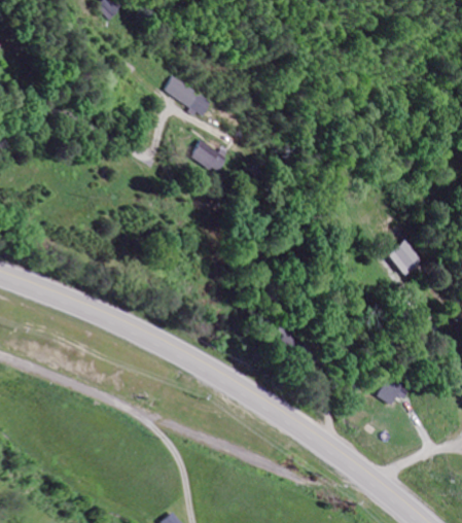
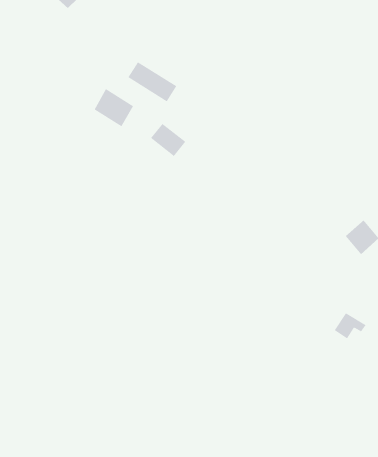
building: none -> [94,88,134,127]
building: [377,377,411,405] -> [334,312,366,339]

